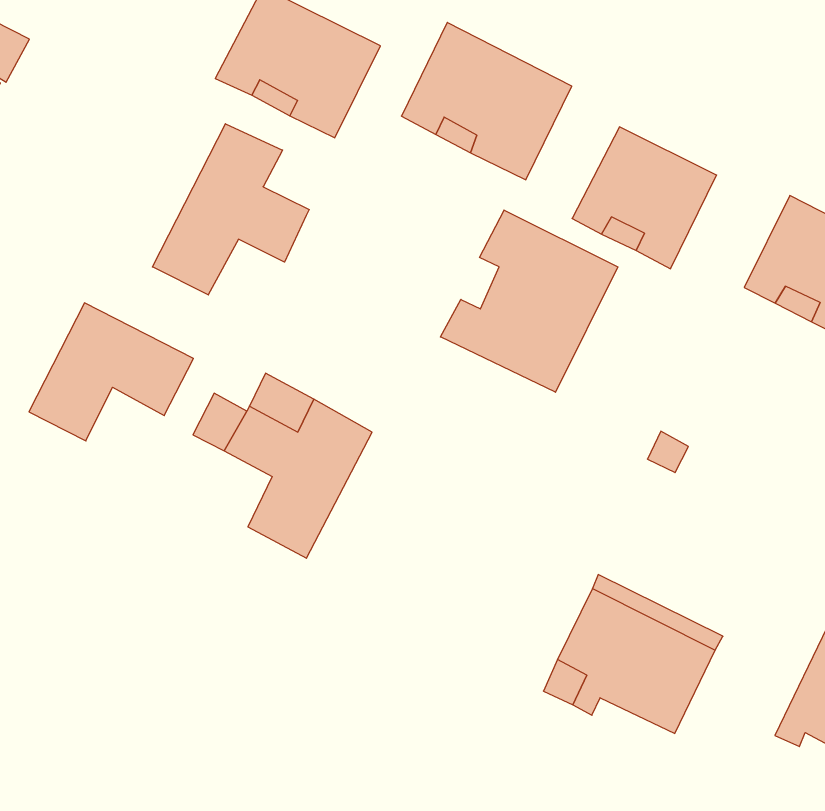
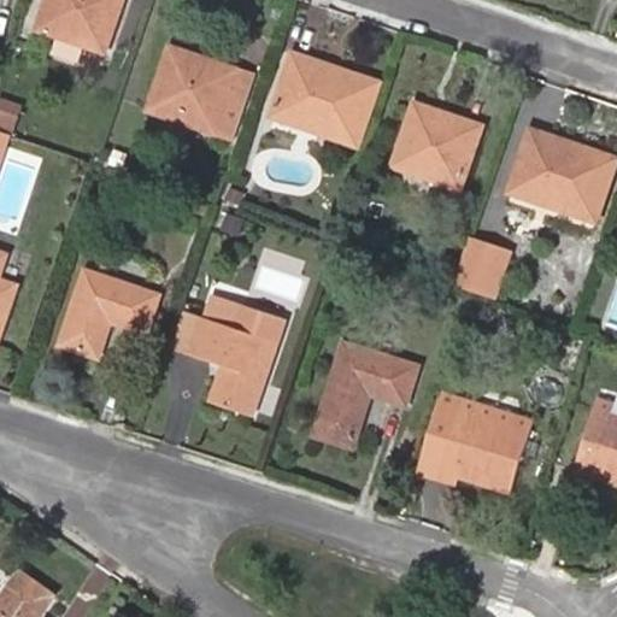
building: [152,124,309,295] -> none
building: [440,210,618,392] -> none
building: none -> [459,240,515,300]
building: none -> [313,342,417,447]

